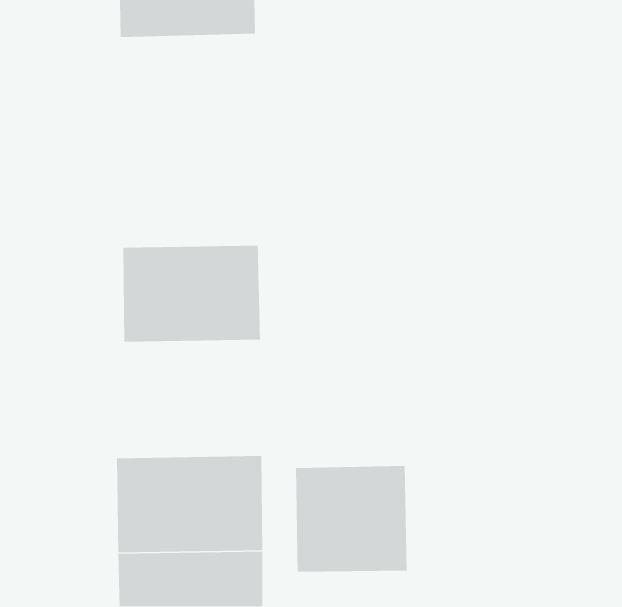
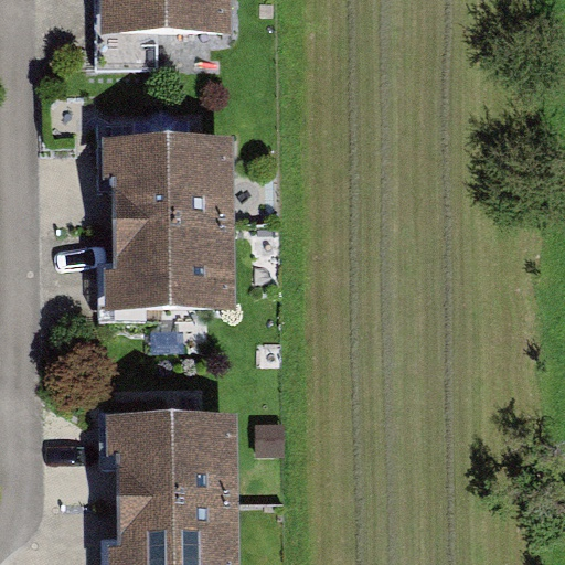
building: none -> [108,135,233,223]
building: [295,465,407,572] -> none

